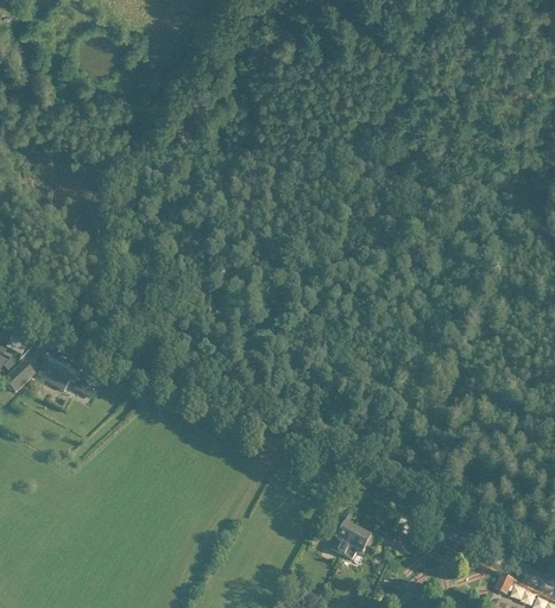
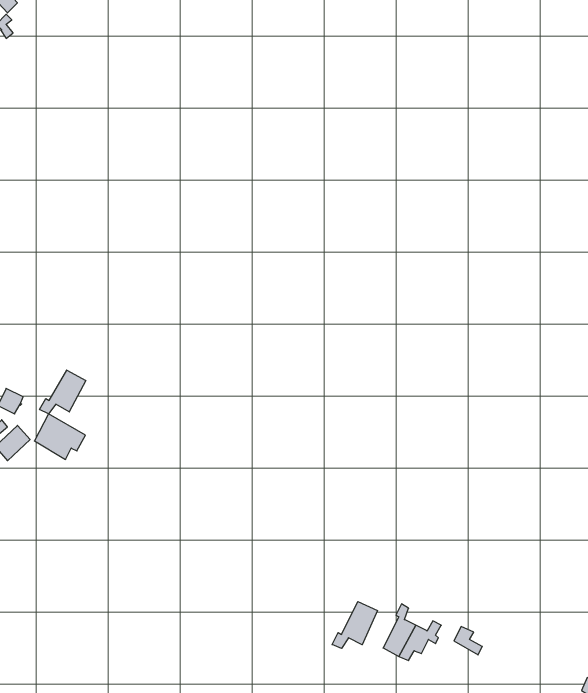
building: none -> [40,370,86,414]
building: none -> [332,602,378,648]

